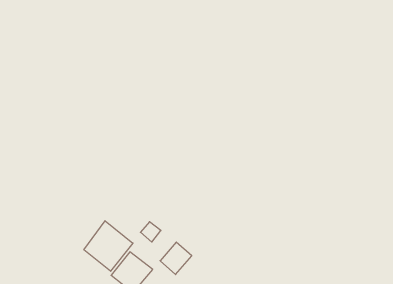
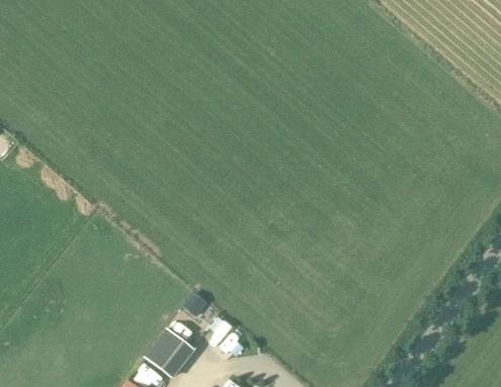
building: [84,221,133,271] -> none

